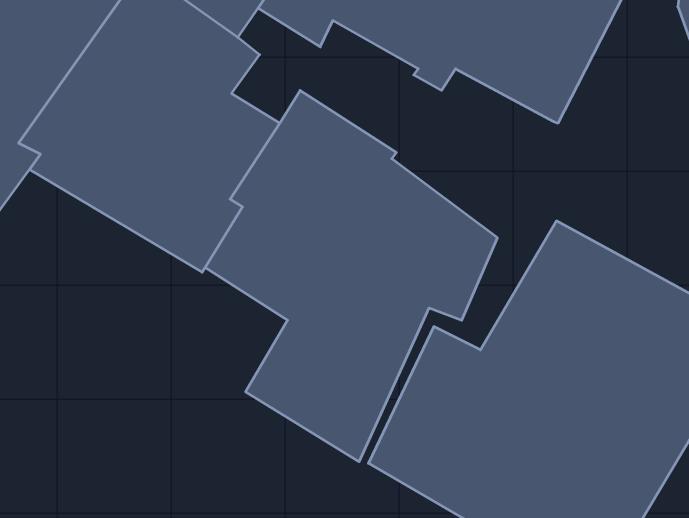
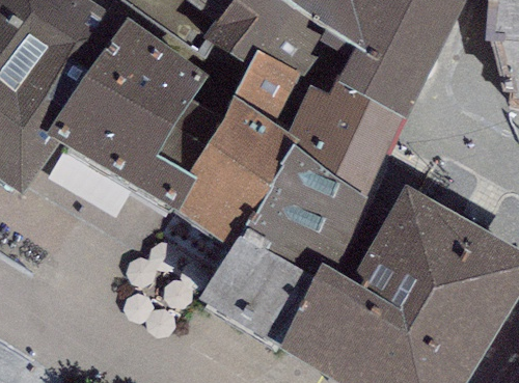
building: none -> [234,48,403,193]

